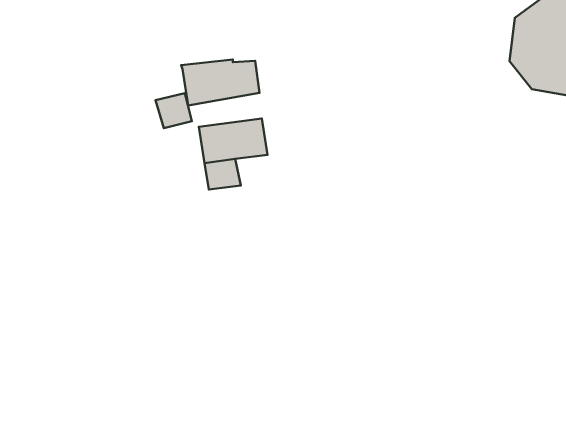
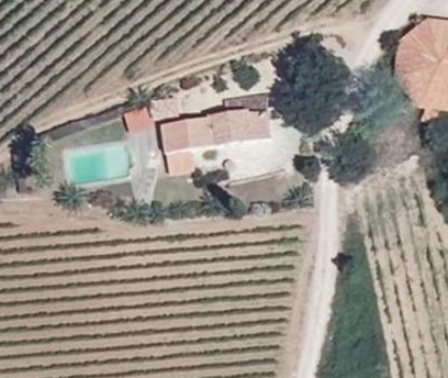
building: [181,59,259,106] -> [205,111,267,147]

